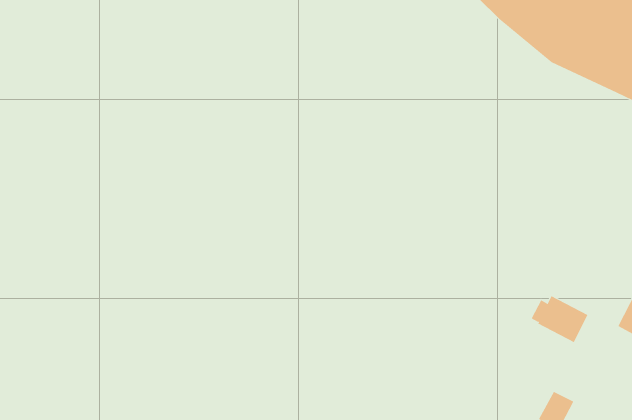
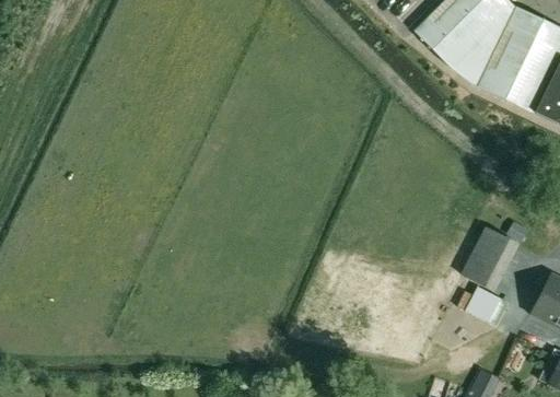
building: none -> [462,225,520,292]

